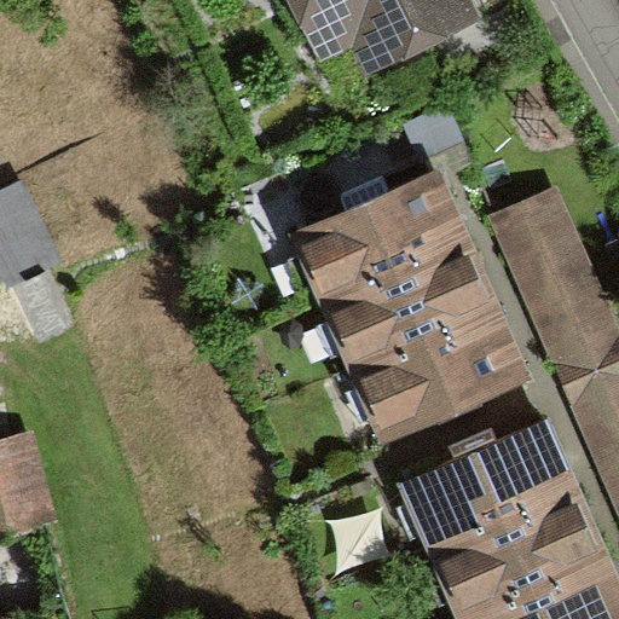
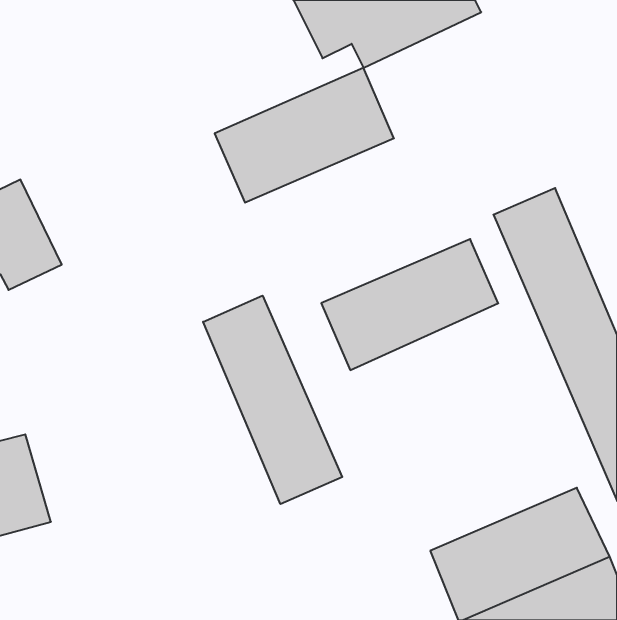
building: [290,168,469,302] -> [215,68,394,203]
building: none -> [203,296,342,504]
building: [349,302,530,442] -> none
building: [401,421,575,549] -> none

